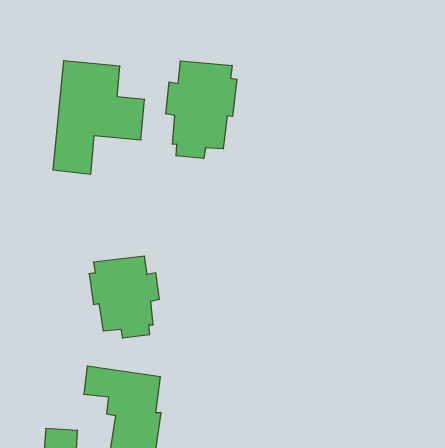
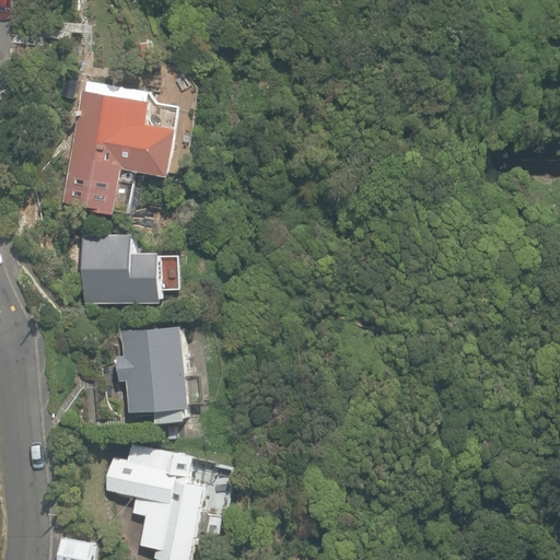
building: [166,61,237,159] -> none
building: none -> [80,232,178,306]

